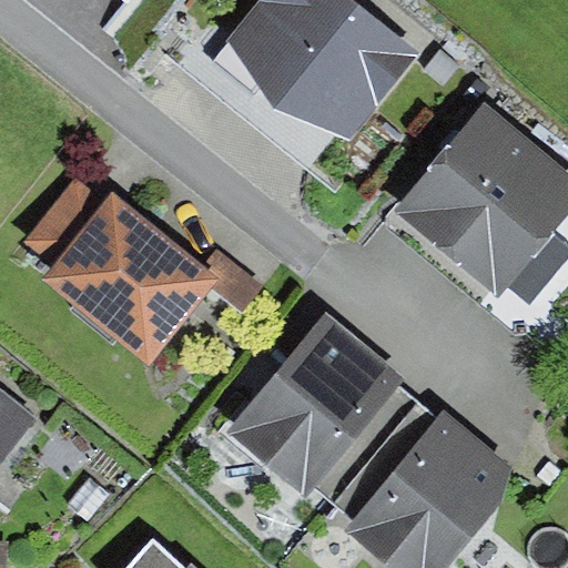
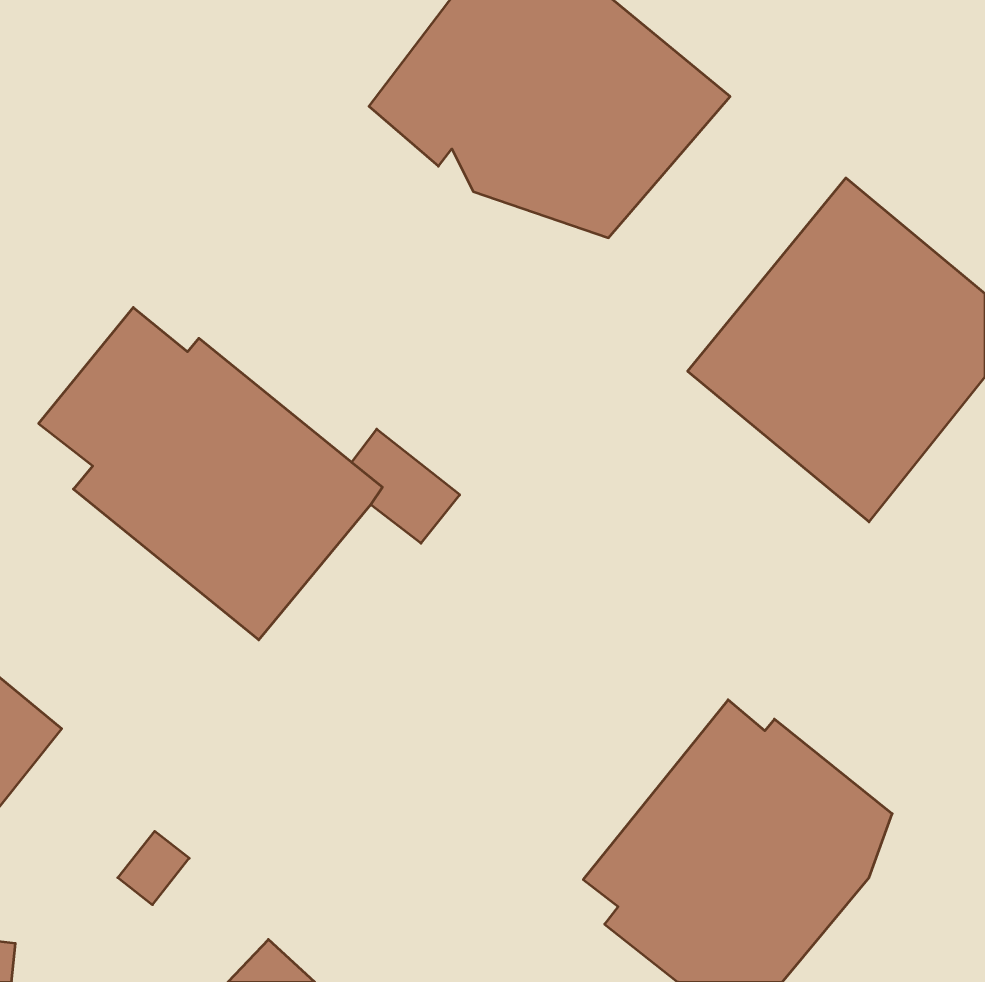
building: [226,315,403,498] -> none

